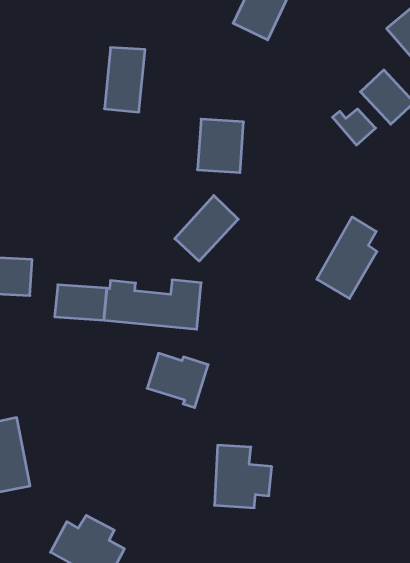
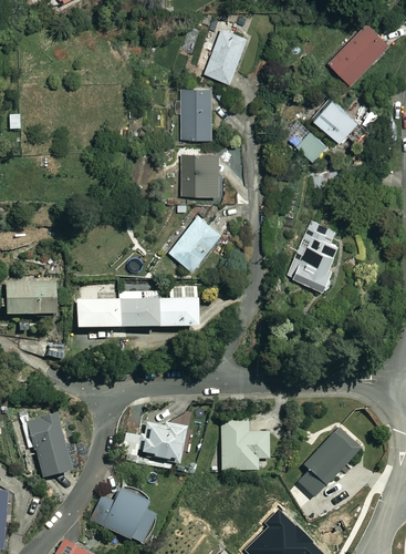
building: [104,48,145,112] -> [184,86,212,139]
building: [147,353,208,408] -> [138,421,187,463]
building: none -> [300,427,360,496]

